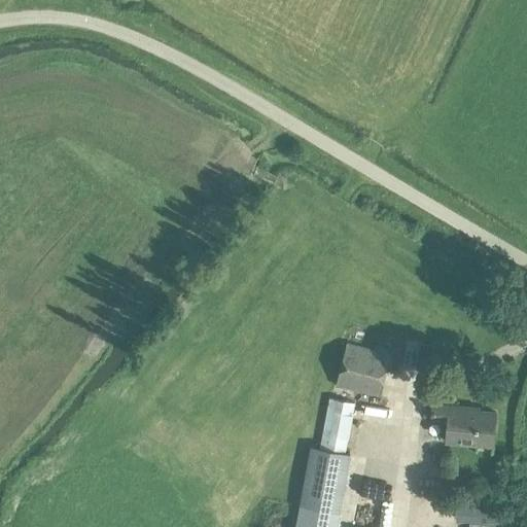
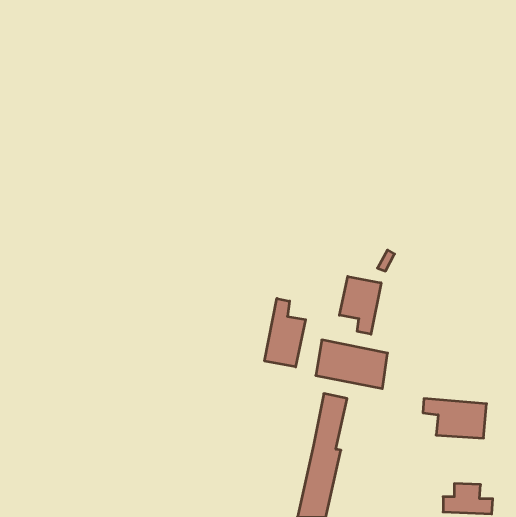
building: none -> [339,276,381,334]
building: none -> [265,298,306,367]

